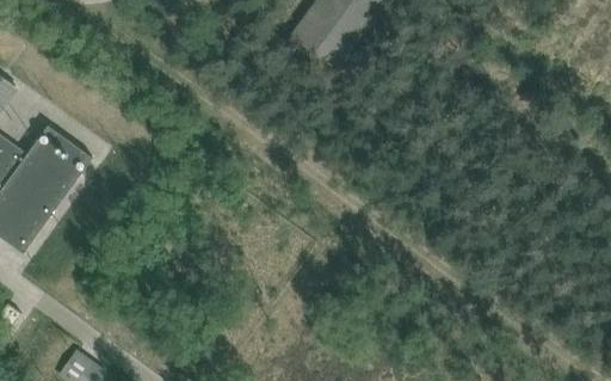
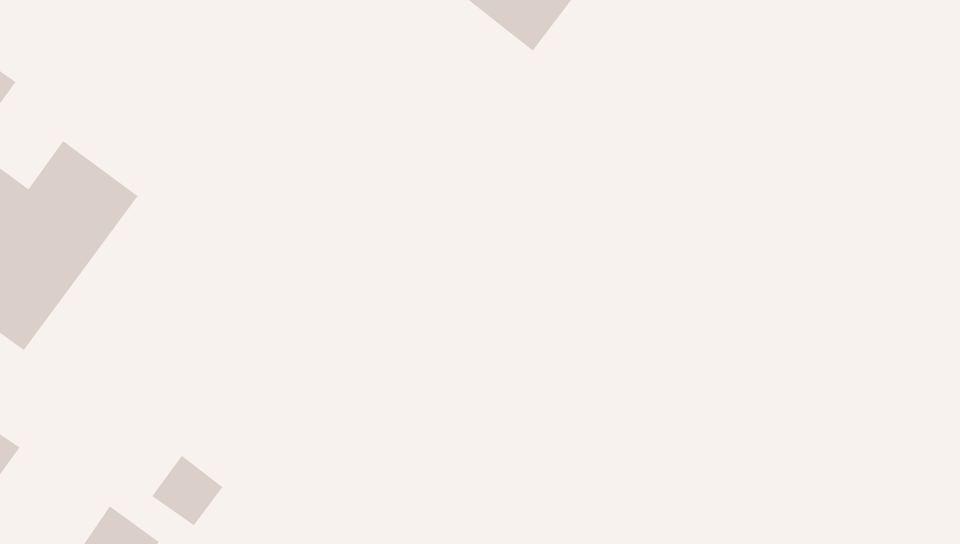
building: none -> [152,455,223,526]

